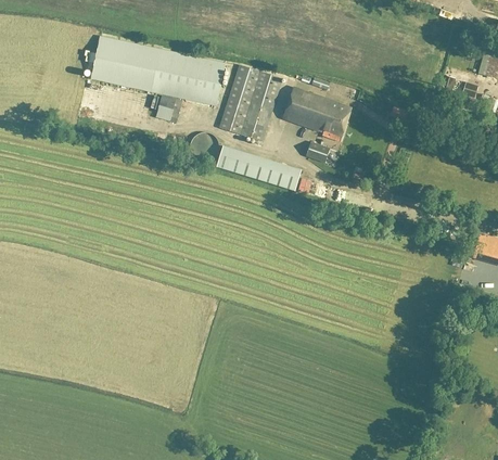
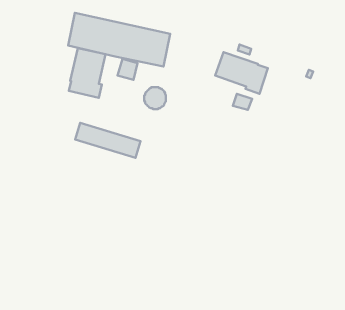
building: [219,65,282,141] -> none
building: none -> [69,48,105,98]
building: [216,145,301,191] -> [75,123,140,158]

